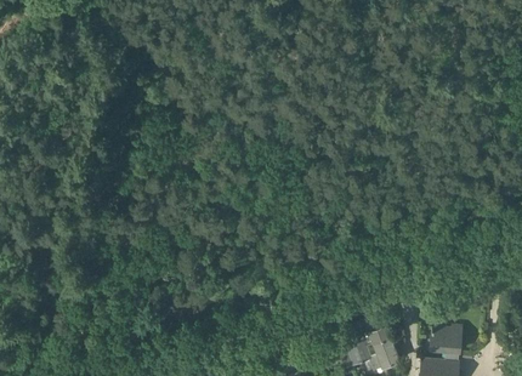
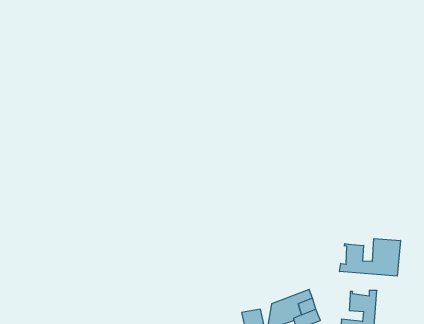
building: none -> [340,239,400,276]

